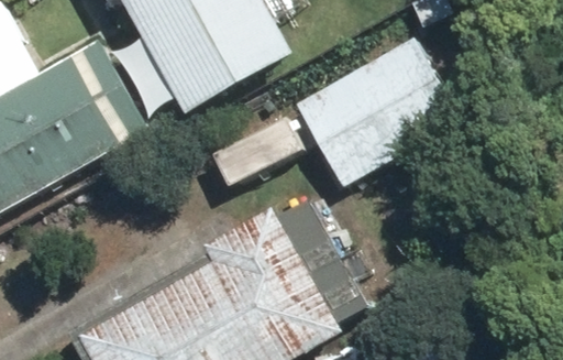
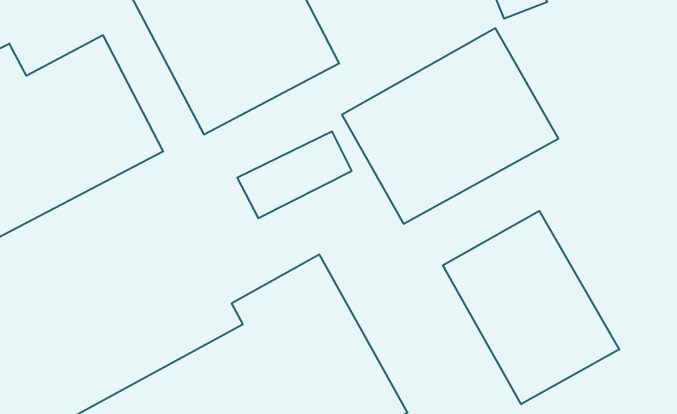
building: none -> [443,211,619,404]

